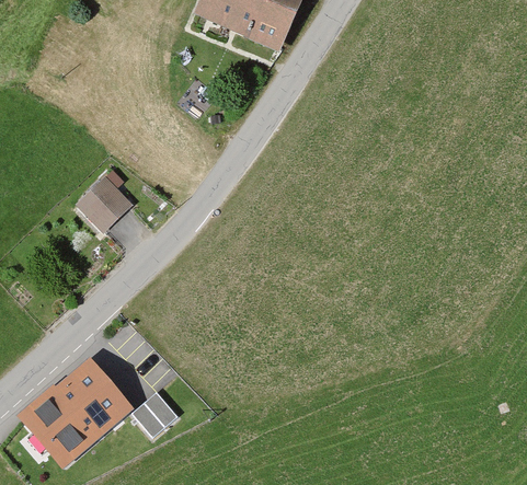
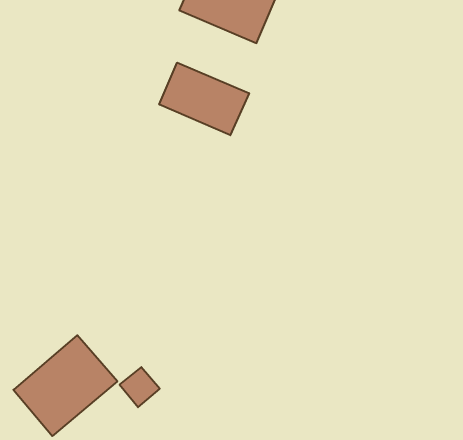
building: none -> [159,63,249,135]
building: [78,176,130,229] -> none

